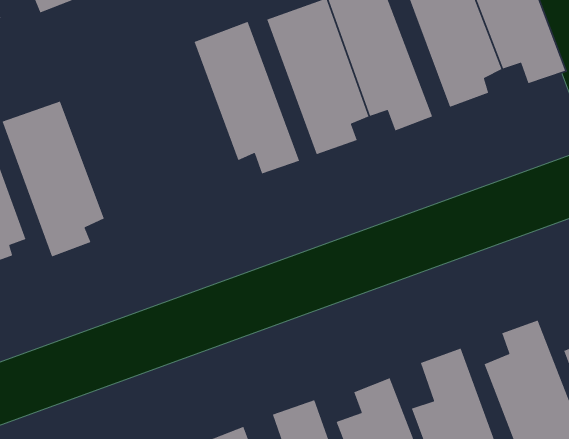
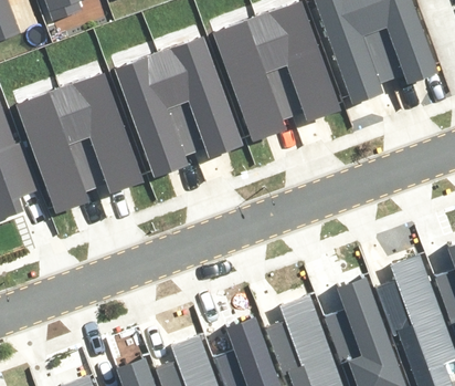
building: none -> [117,49,195,166]
building: none -> [63,77,144,192]

